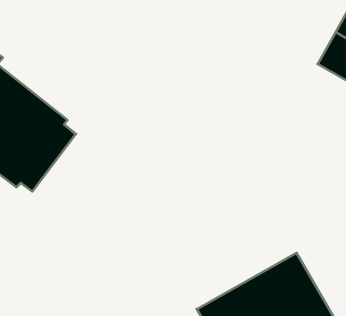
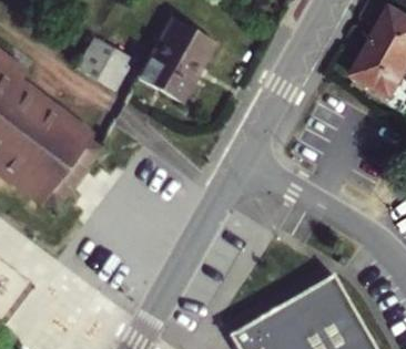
building: none -> [138,18,215,101]
building: none -> [75,37,133,90]

